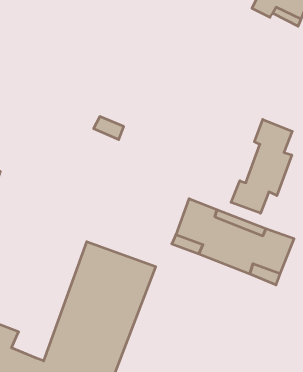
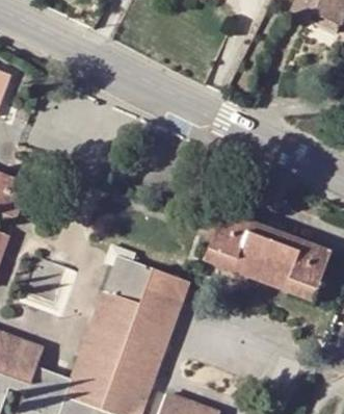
building: [231,119,292,213] -> none

